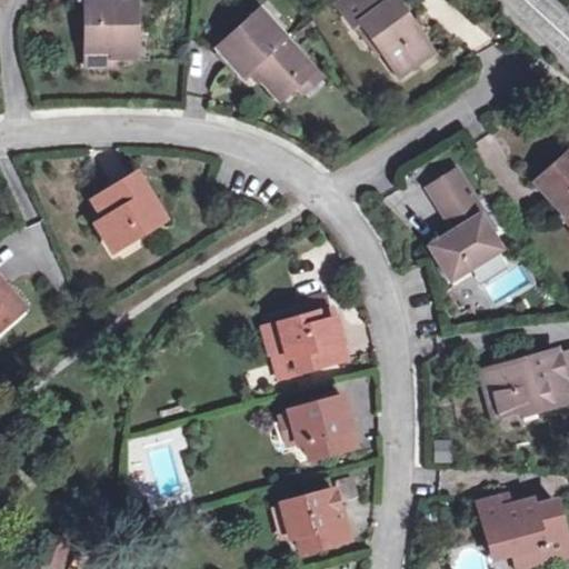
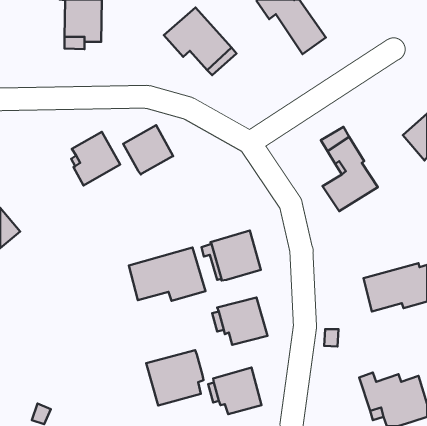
building: none -> [123,125,173,174]
building: none -> [129,247,206,301]
building: none -> [146,350,203,405]

